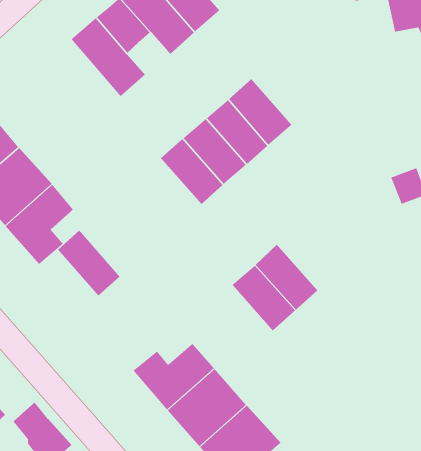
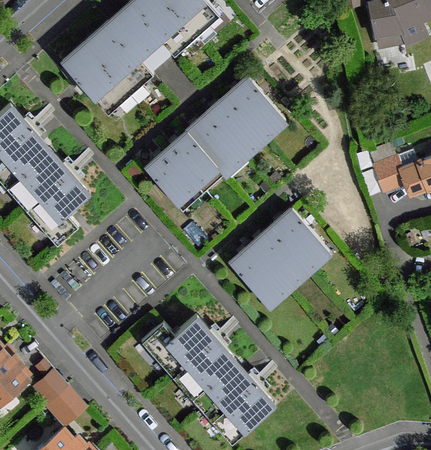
building: none -> [62,41,130,113]
building: none -> [271,207,329,267]
building: [57,230,120,296] -> [146,148,203,208]

